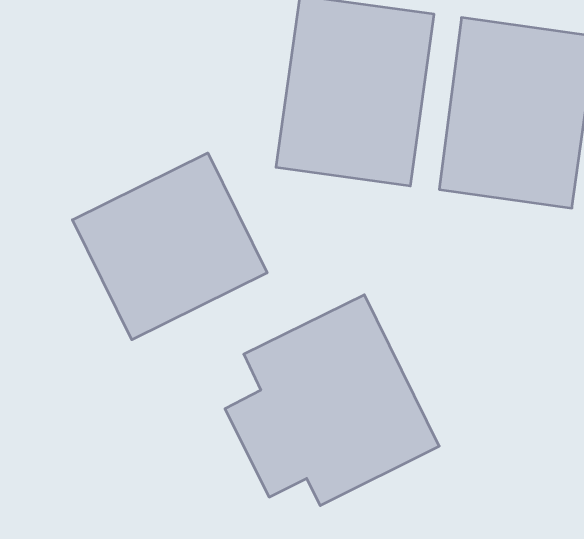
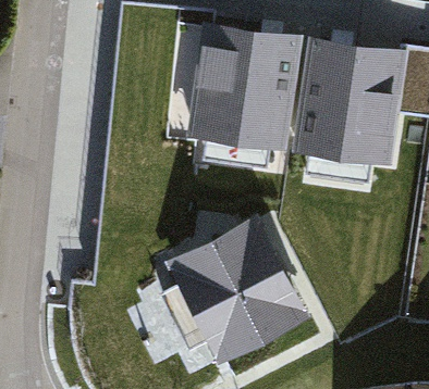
building: [72,153,267,340] -> none

